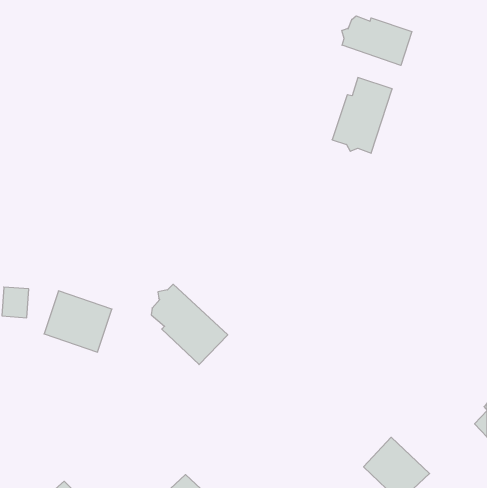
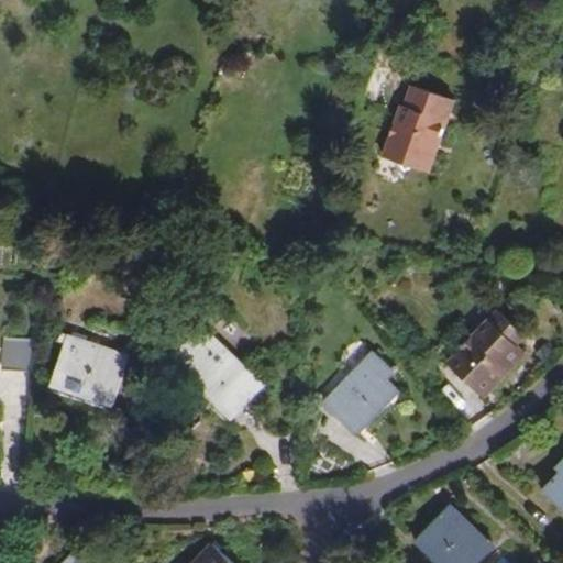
building: [342,16,412,65] -> none
building: none -> [448,320,522,396]
building: none -> [323,352,398,434]

